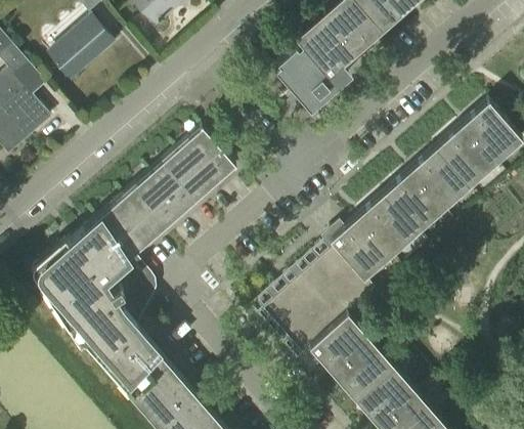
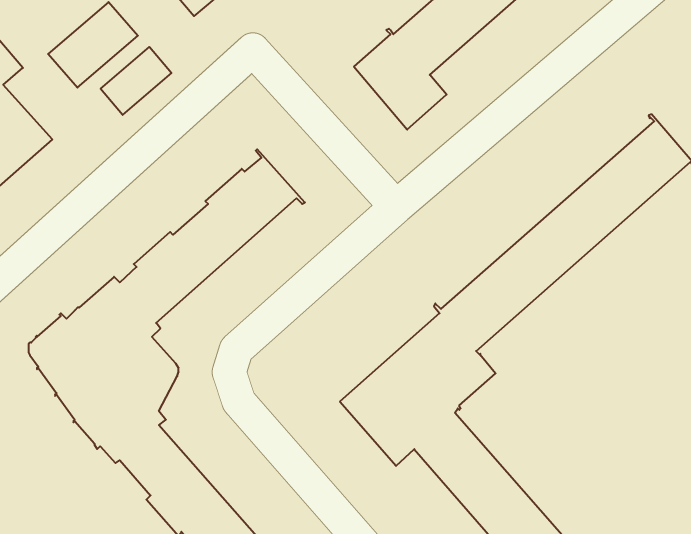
building: none -> [101,47,171,115]

